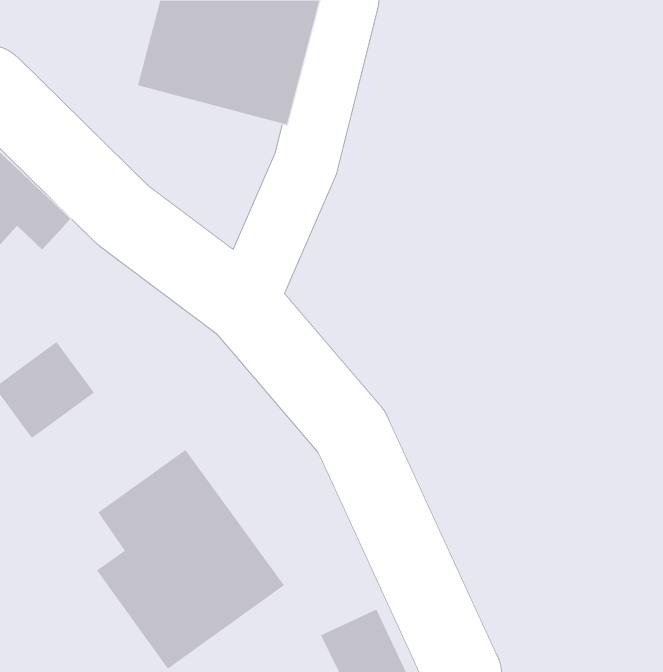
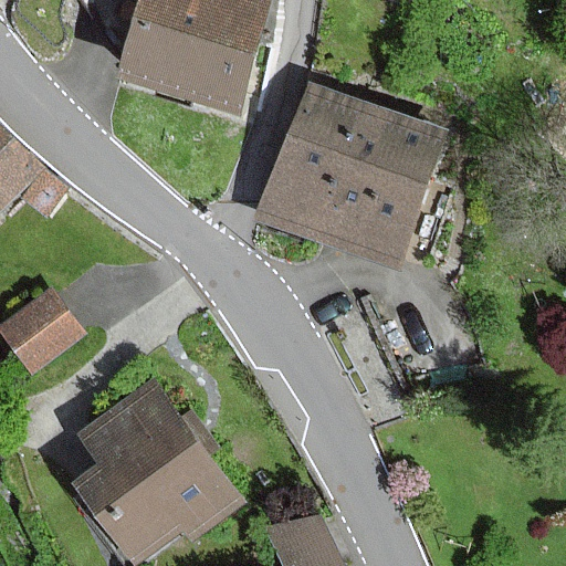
building: none -> [259,82,446,264]

